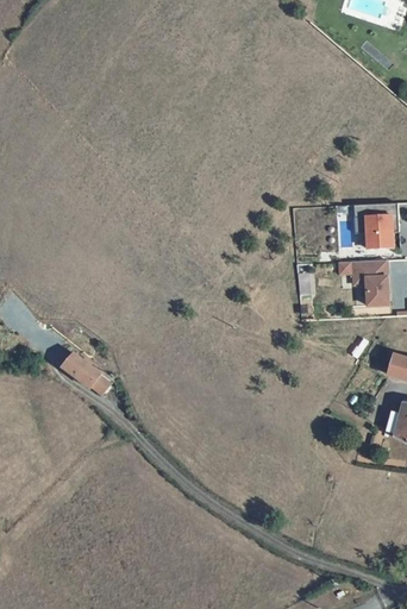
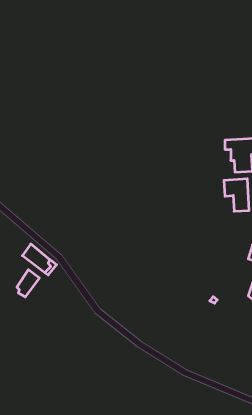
building: none -> [17,270,39,297]

